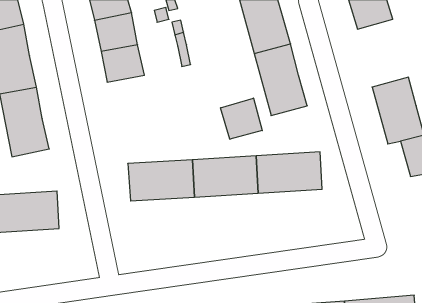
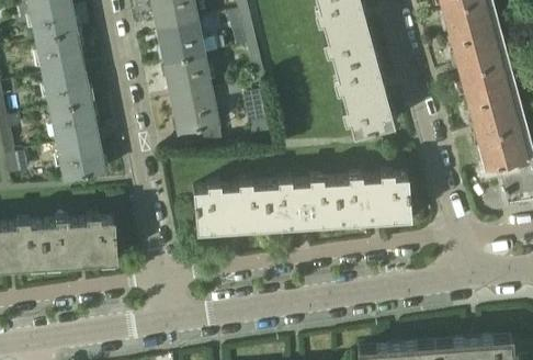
building: none -> [451,27,508,103]
building: none -> [171,90,223,147]
building: [221,98,262,139] -> none

